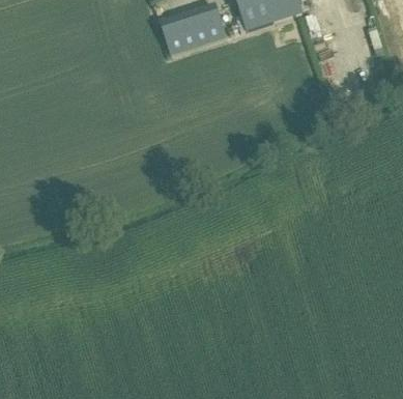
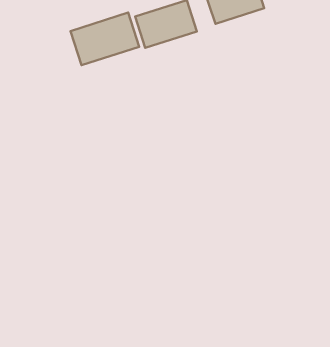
building: none -> [70,13,139,65]

